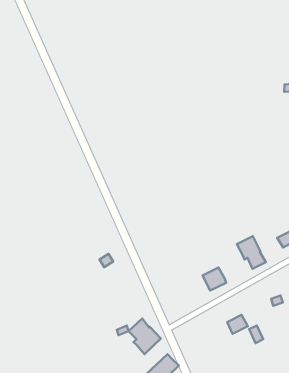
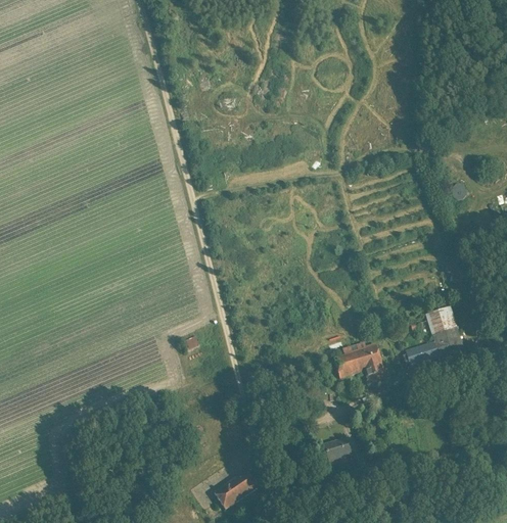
building: [202,268,226,291] -> [332,350,360,377]
building: [129,319,161,354] -> none

